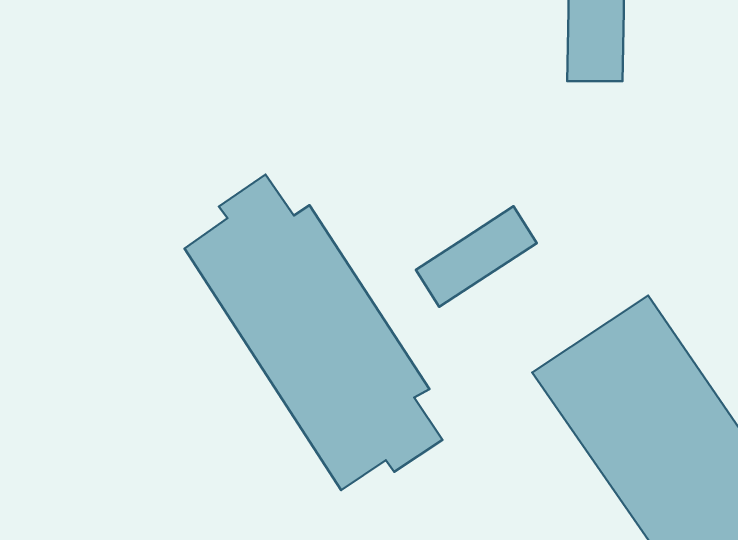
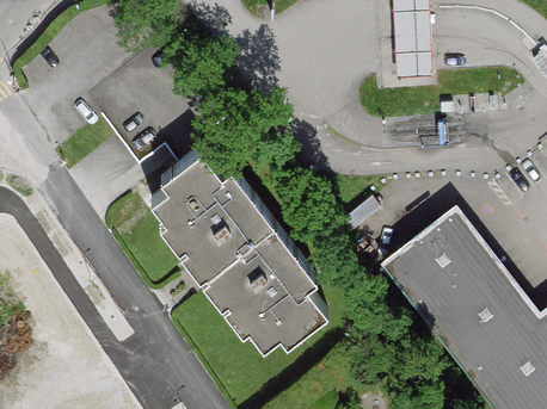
building: [416,206,537,307] -> none

